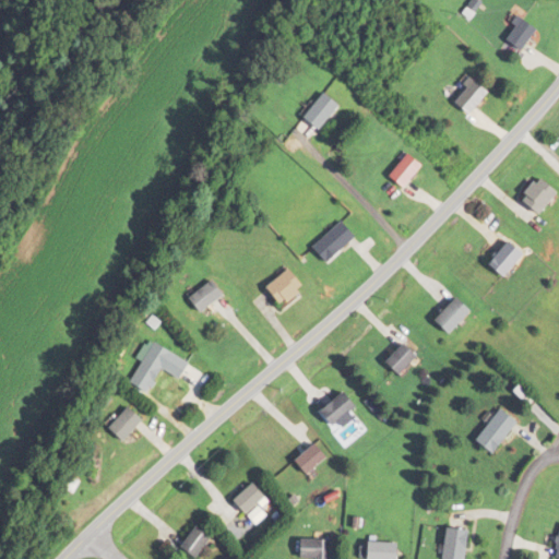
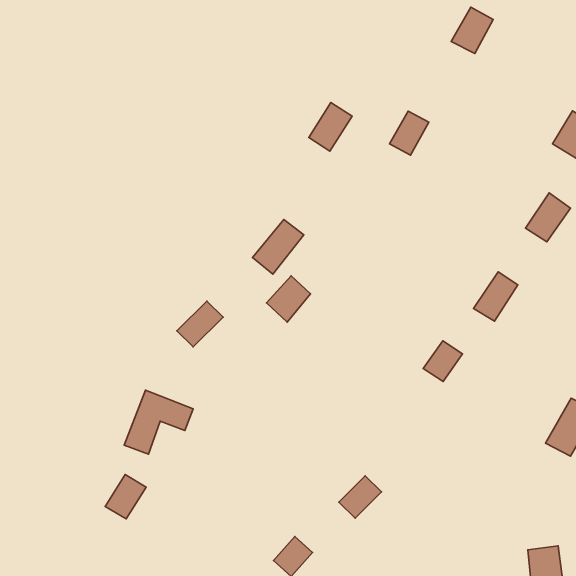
building: [299,92,337,131] -> [309,102,352,151]
building: [311,222,356,264] -> [253,220,304,274]
building: [319,390,359,428] -> none

